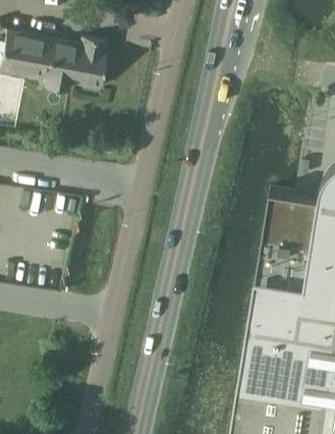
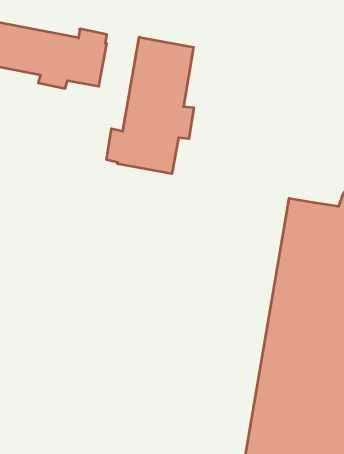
building: none -> [107,37,194,174]

